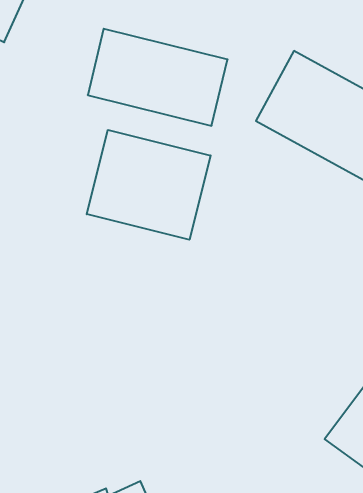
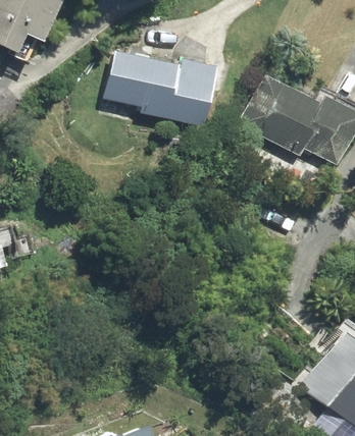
building: [87,130,211,240] -> none

